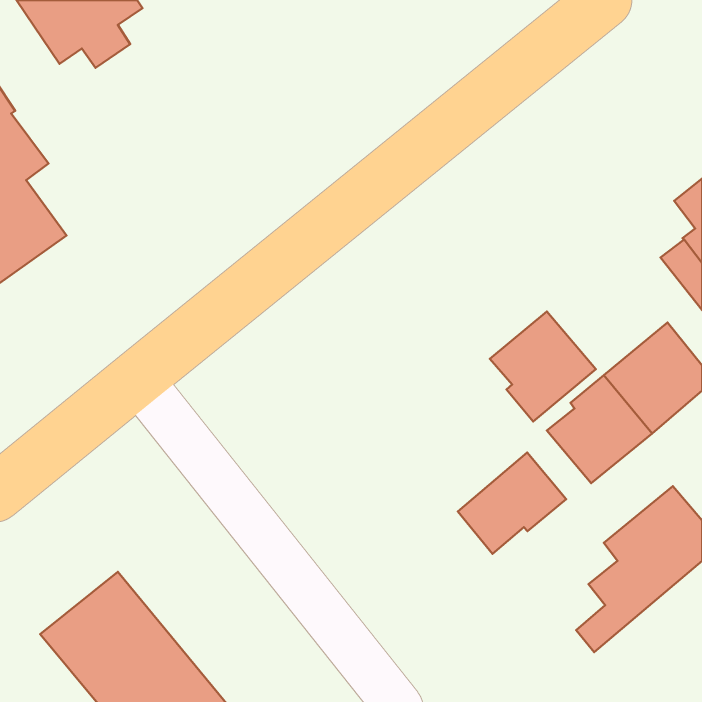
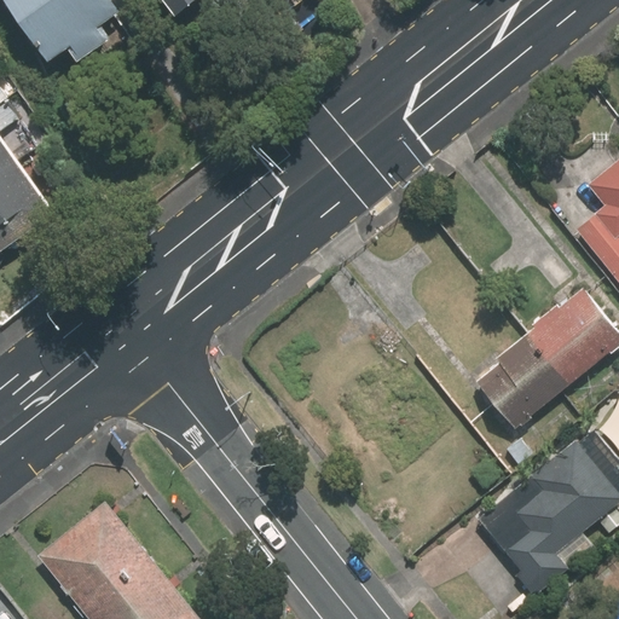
building: [490,312,596,421] -> none
building: [458,453,566,554] -> none

